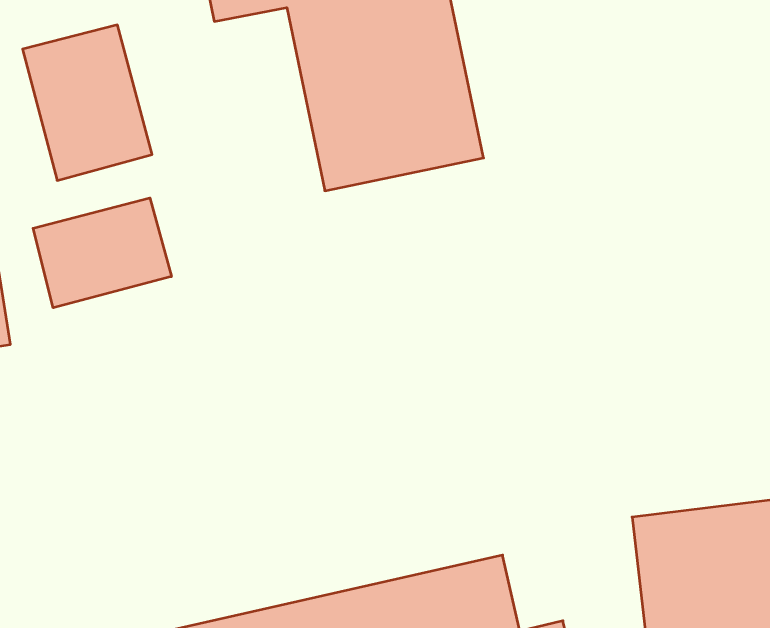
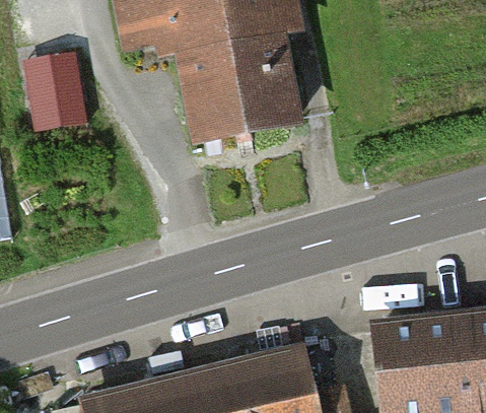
building: [33,198,171,308] -> none

